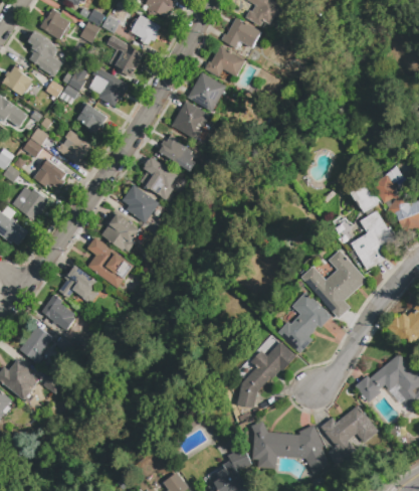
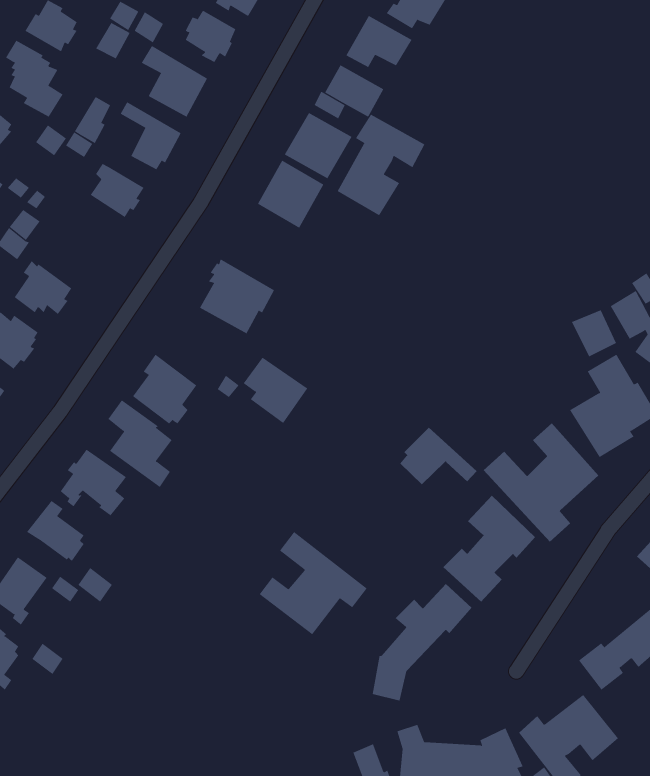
building: none -> [337,114,425,216]
building: [57,130,91,164] -> none
building: [159,134,195,169] -> none
building: [122,184,159,222] -> [243,357,308,424]
building: none -> [399,427,477,485]
building: none -> [259,531,368,635]

